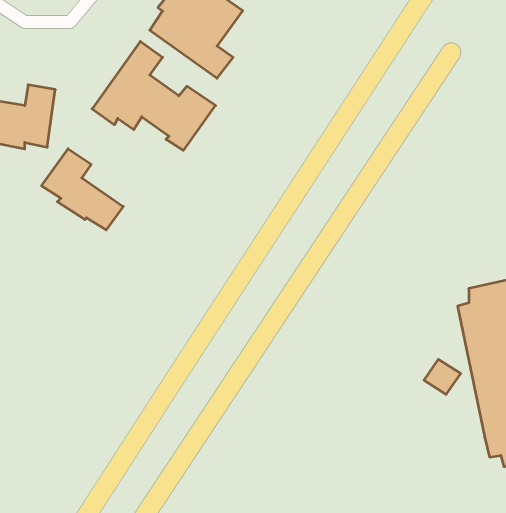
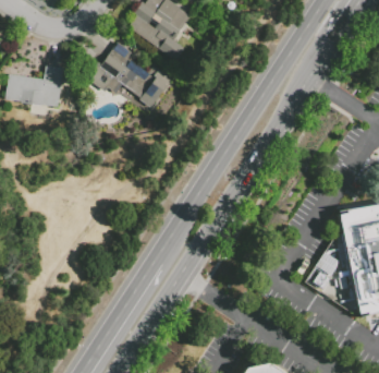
building: [42,149,123,230] -> none

